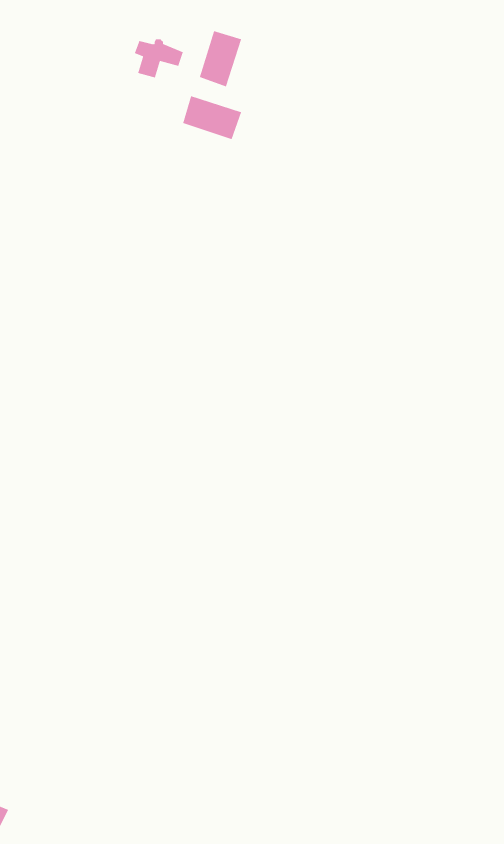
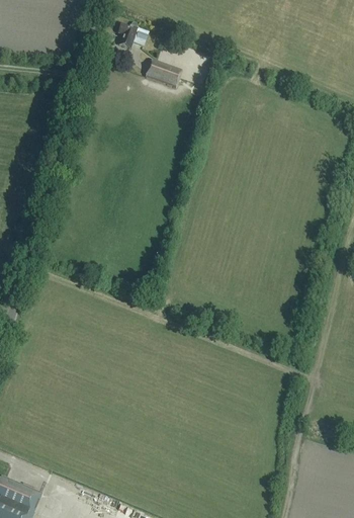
building: [199,30,242,87] -> none

